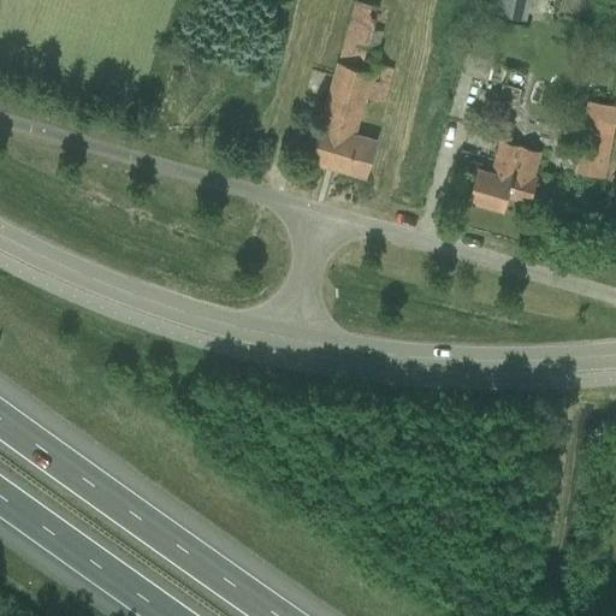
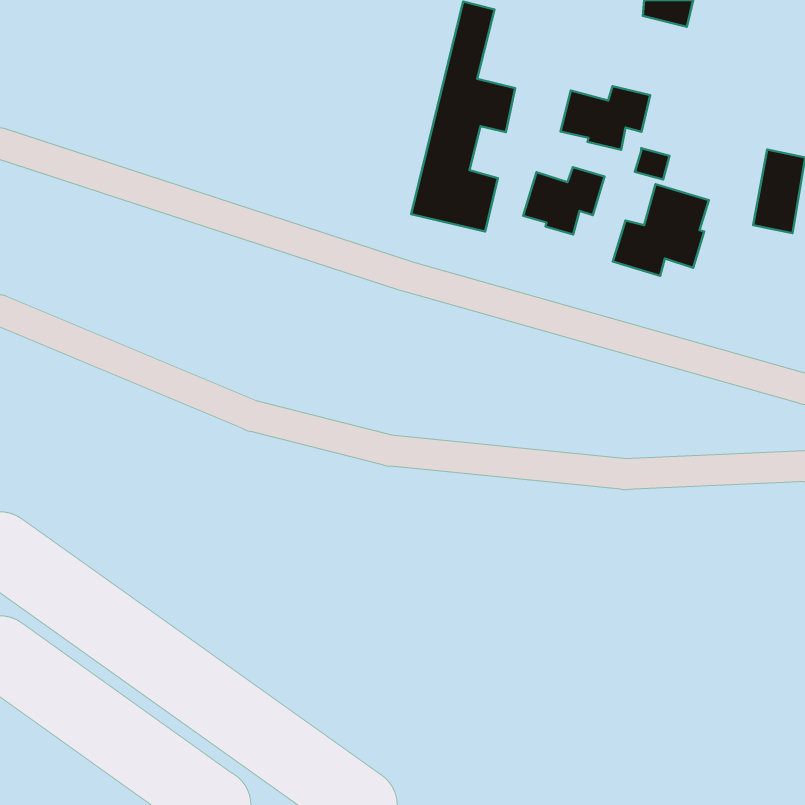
building: none -> [561,86,650,150]
building: none -> [523,167,604,235]

